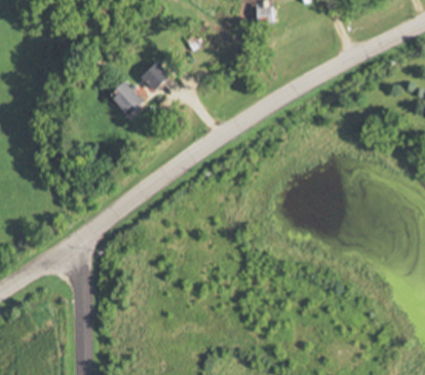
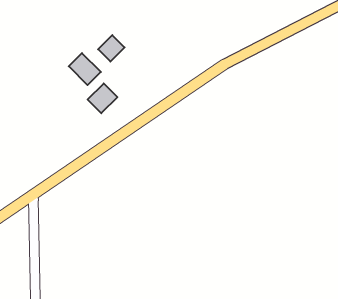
building: none -> [88,83,117,113]

